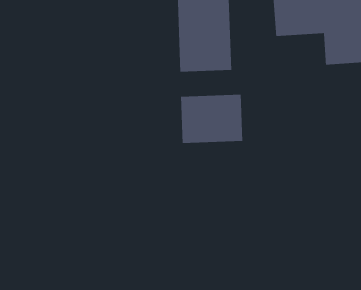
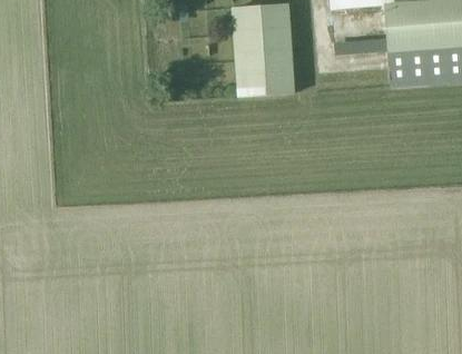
building: [180,94,243,144] -> none

